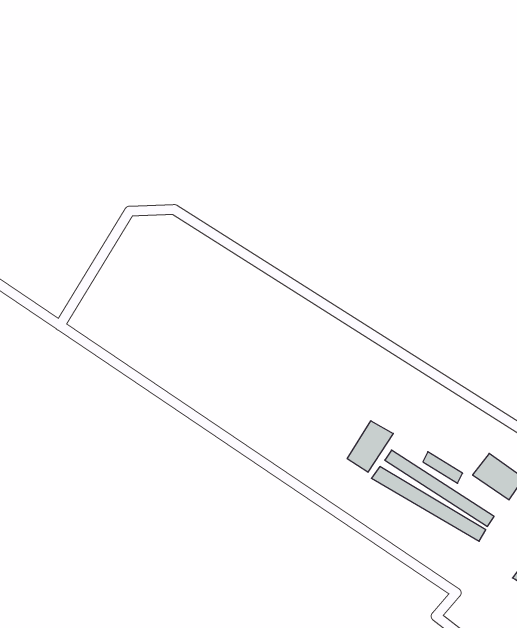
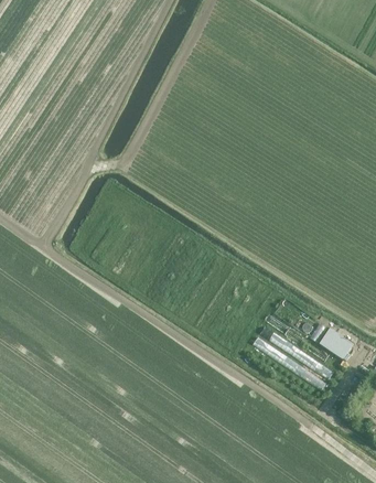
building: [347,421,393,472] -> none

